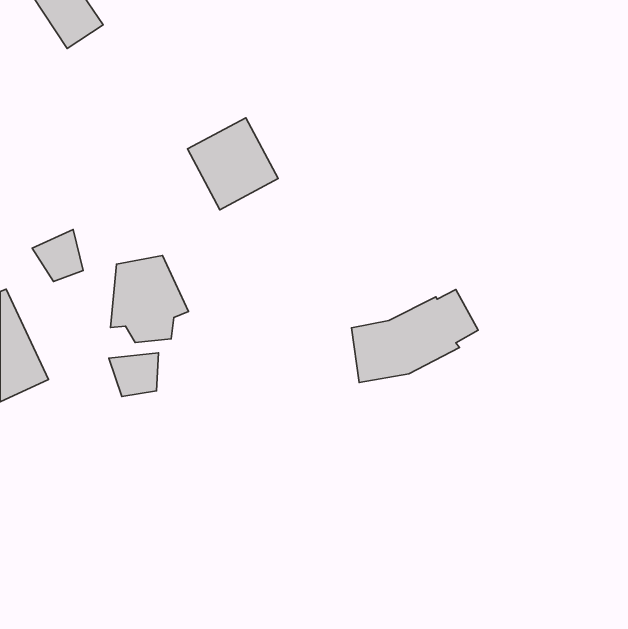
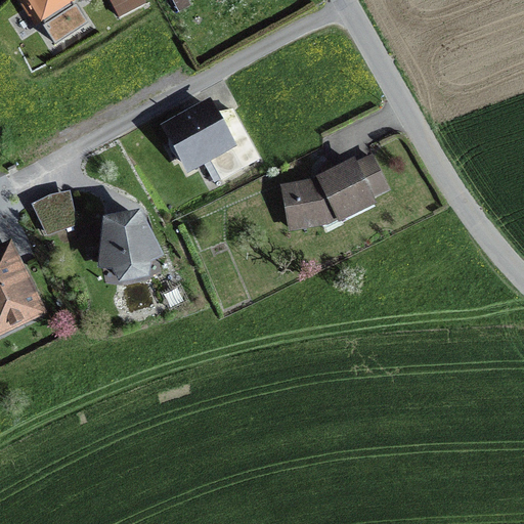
building: [352,289,478,382] -> [283,154,388,230]
building: [109,353,159,397] -> none

